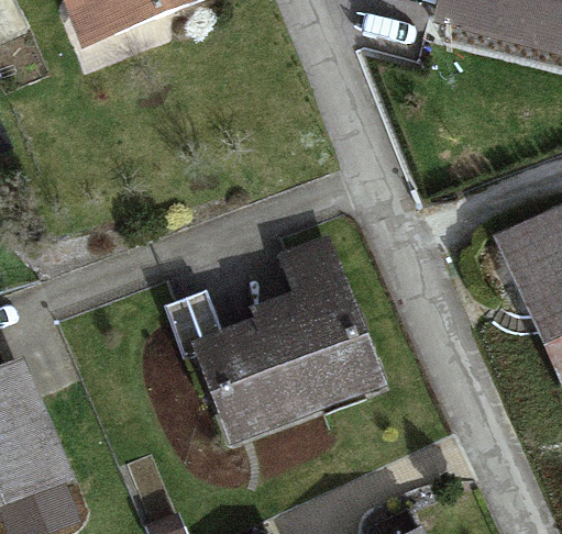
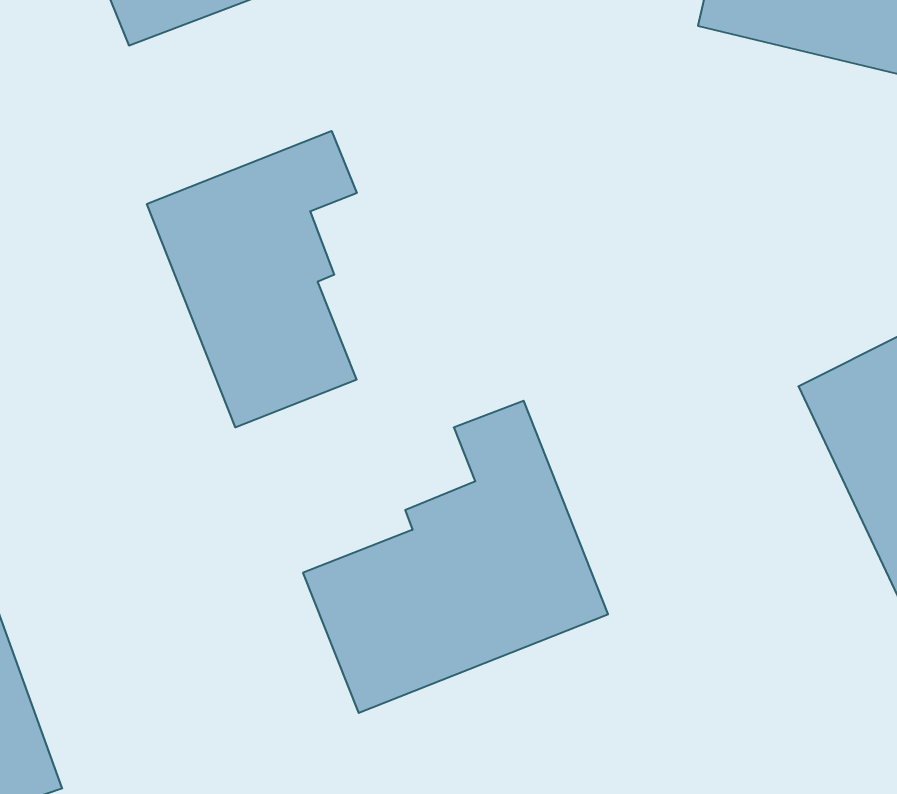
building: none -> [147,131,357,427]

